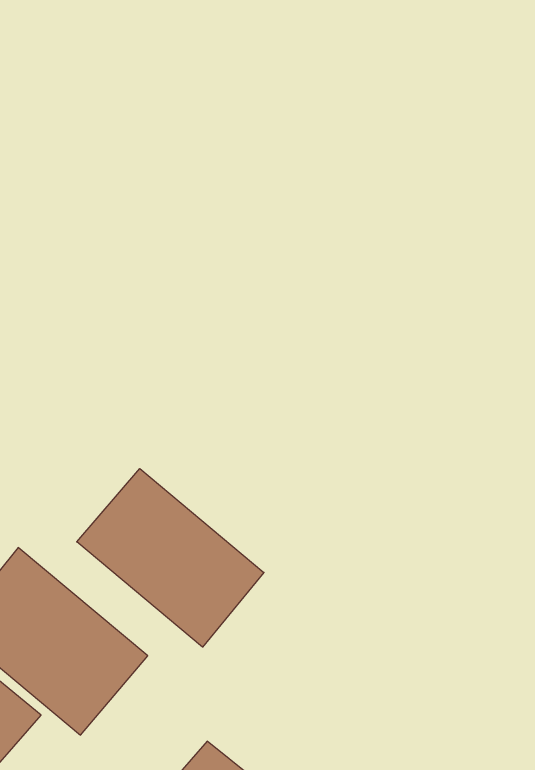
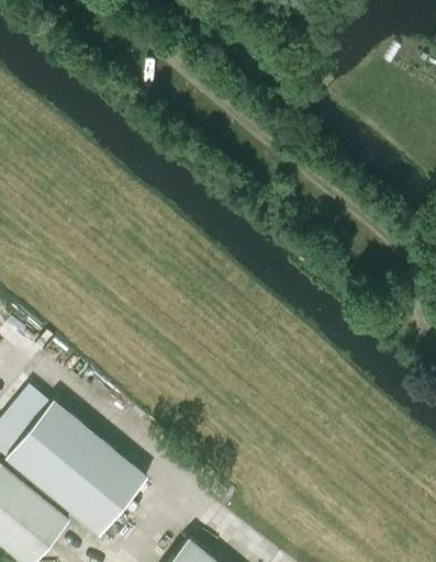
building: [77,469,264,647] -> none

